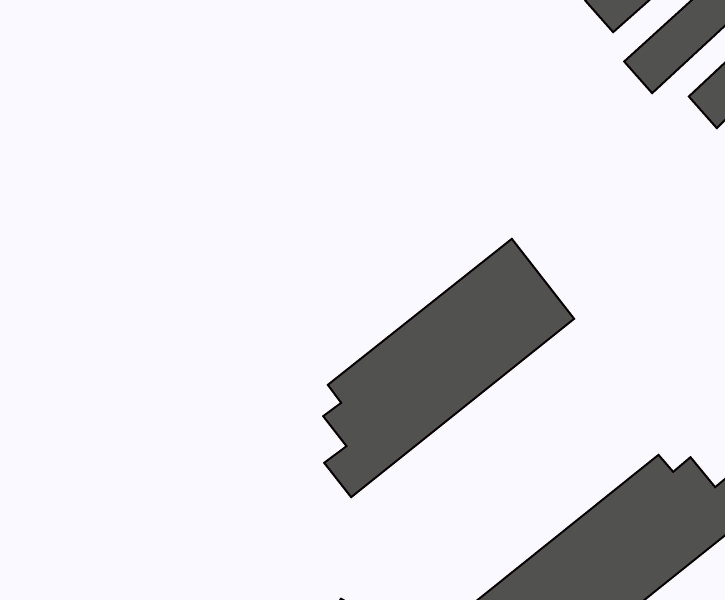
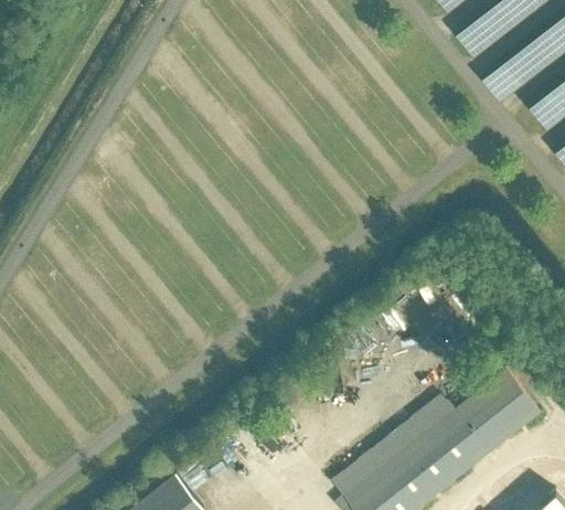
building: [323,239,574,497] -> none

